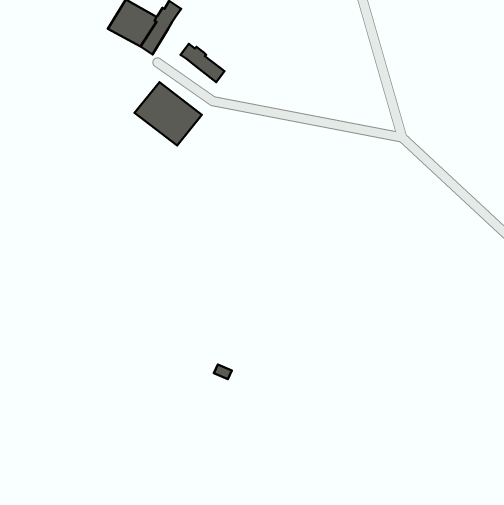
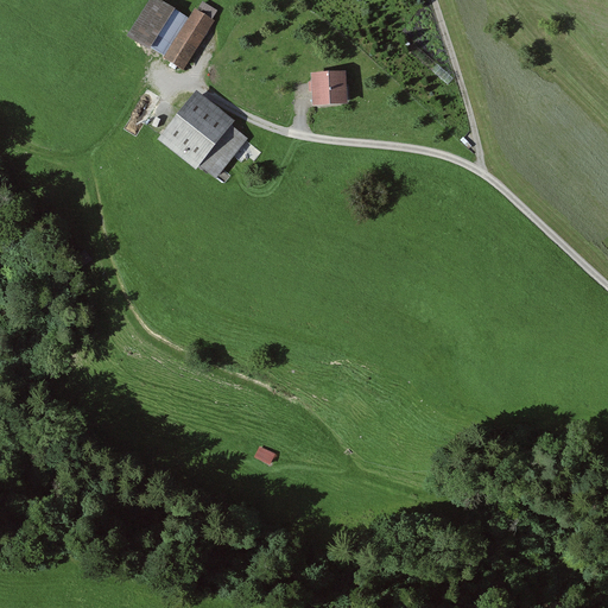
building: [181,44,224,82] -> none
building: none -> [314,72,346,102]

